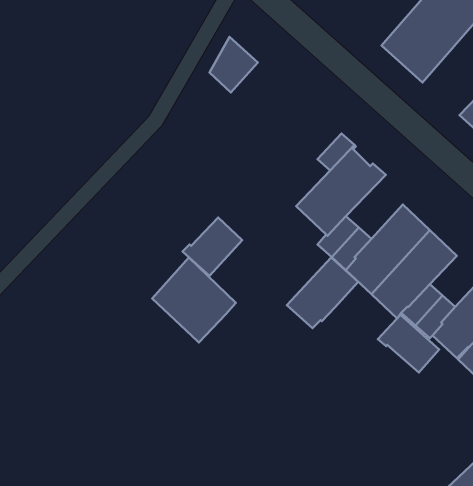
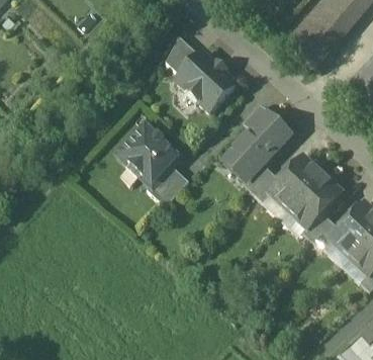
building: none -> [176,51,236,109]
building: [152,257,236,343] -> [119,122,179,183]
building: [287,257,358,328] -> none
building: [378,315,439,373] -> none

